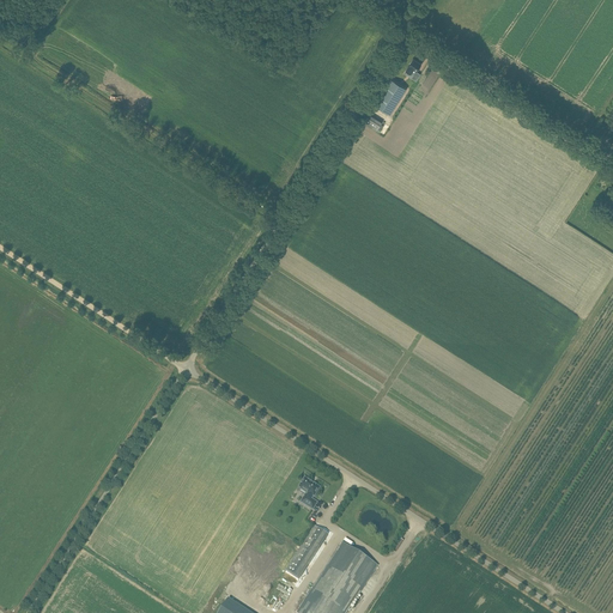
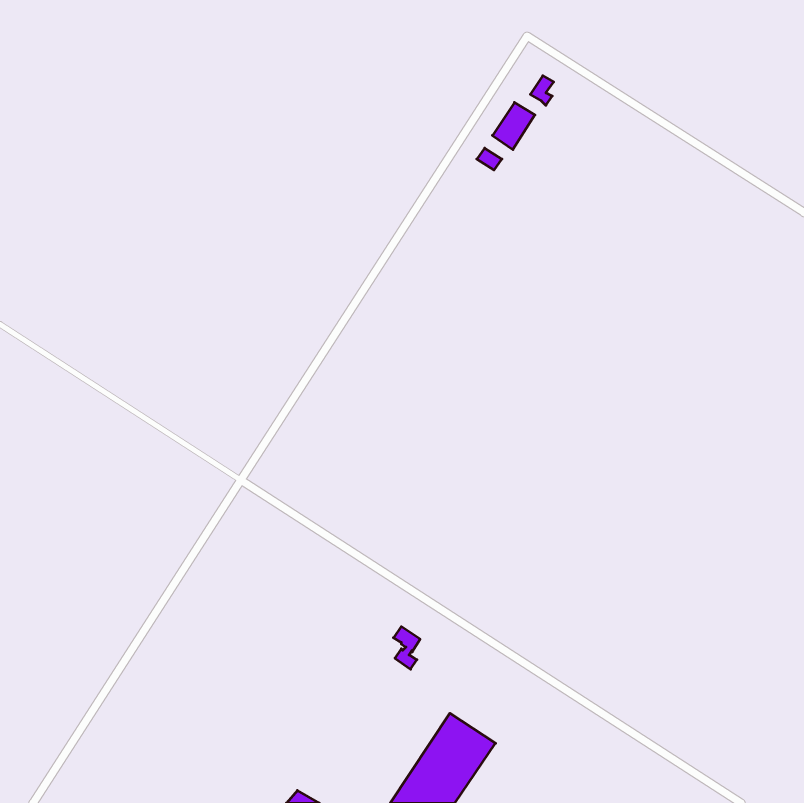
building: [287,523,329,578] -> none

